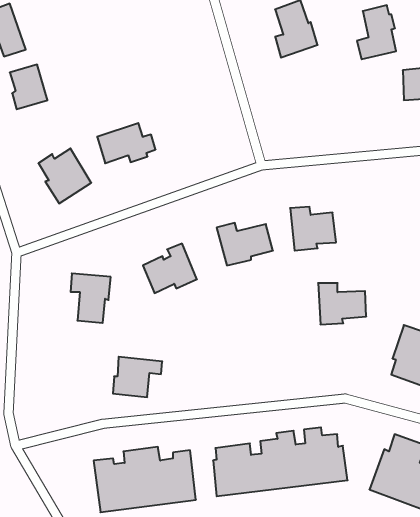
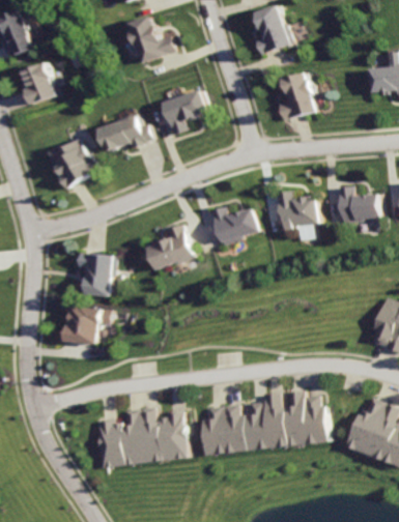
building: [357,5,396,59] -> [280,71,315,120]
building: none -> [130,17,176,63]
building: none -> [160,89,209,134]
building: [318,283,366,324] -> [336,186,379,224]
building: [113,357,162,397] -> [62,307,107,343]

